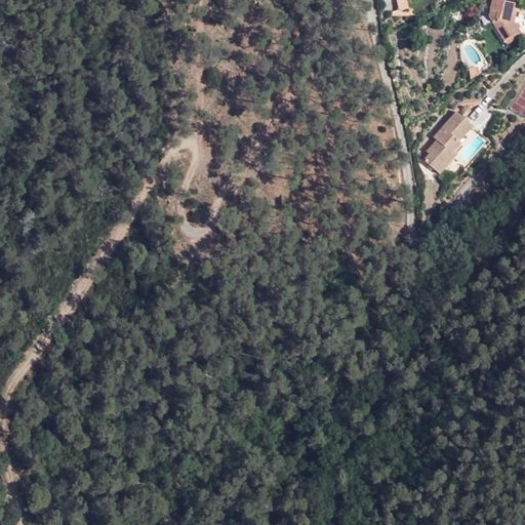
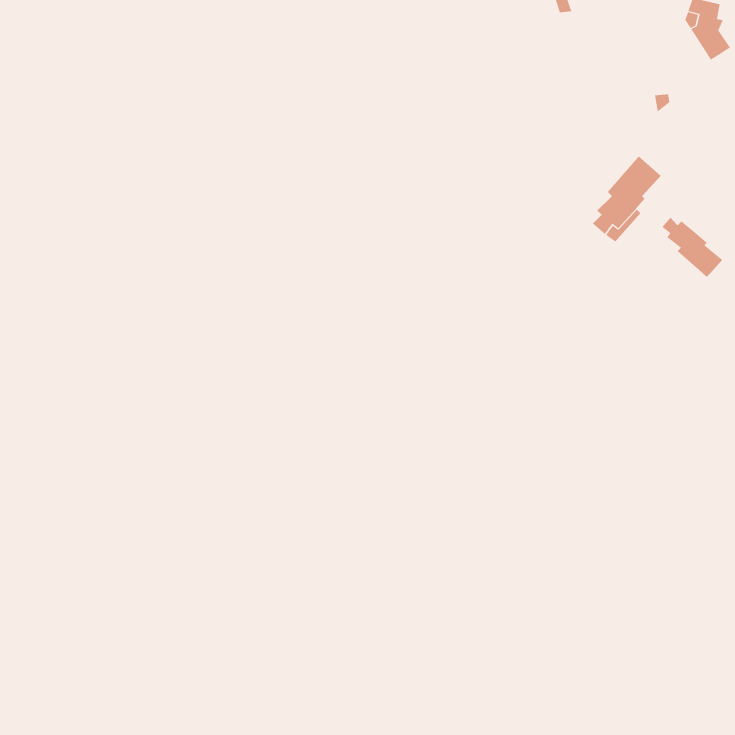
building: none -> [661,217,723,278]

